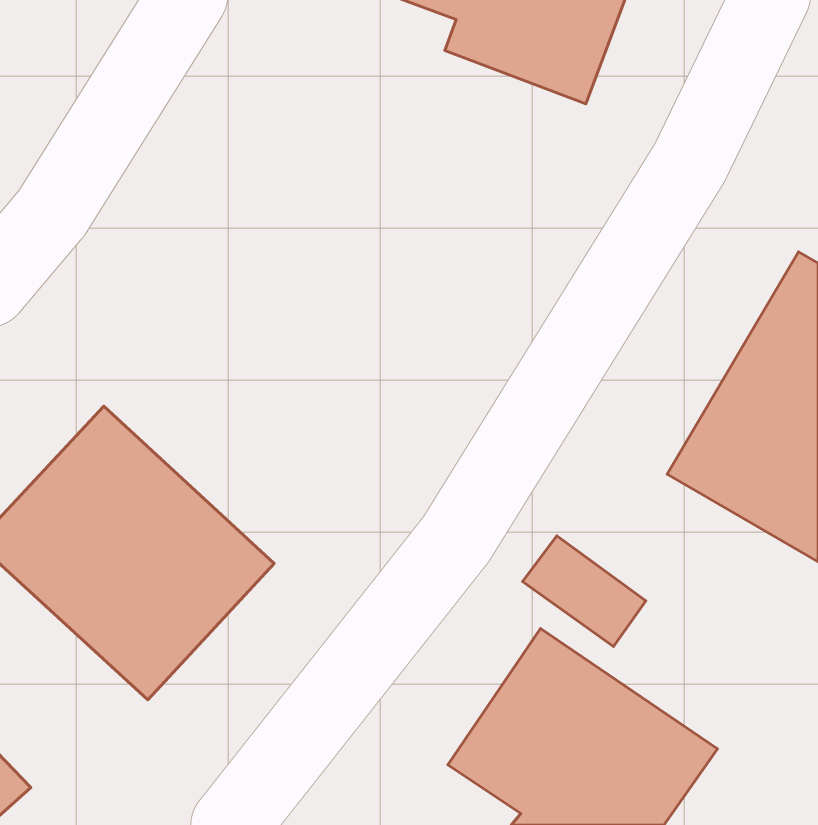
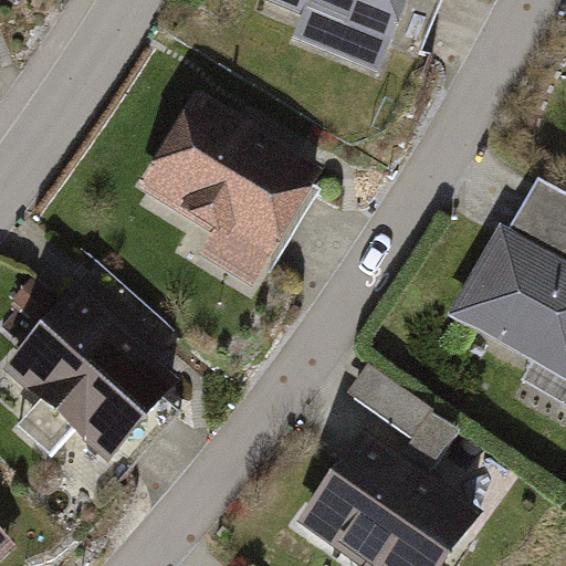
building: none -> [133,96,317,286]

